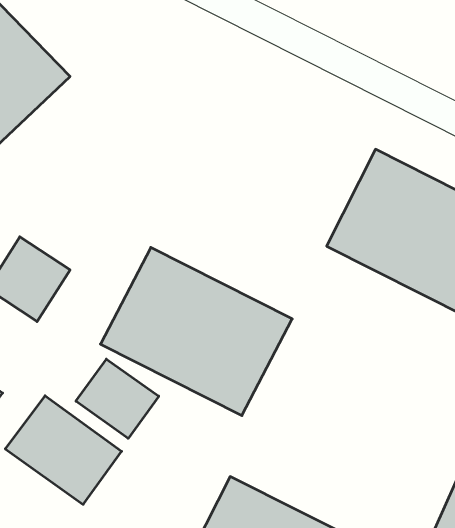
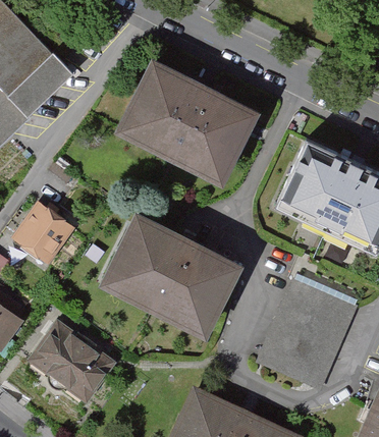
building: none -> [117,55,264,184]
building: none -> [256,281,357,392]
building: [76,359,159,438] -> none

